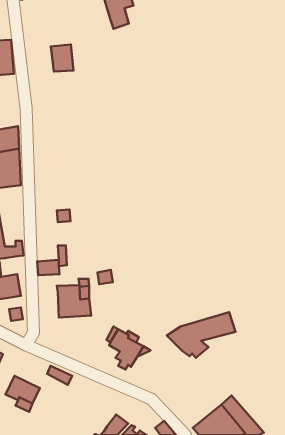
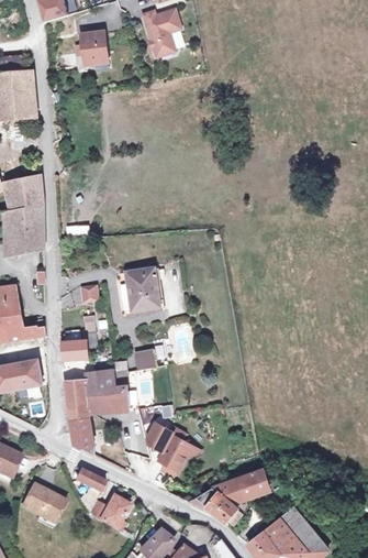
building: [51,45,73,72] -> [80,32,108,65]
building: none -> [122,267,160,310]
building: none -> [66,380,93,453]
building: [167,312,235,358] -> [196,468,279,524]
building: none -> [89,495,129,528]

